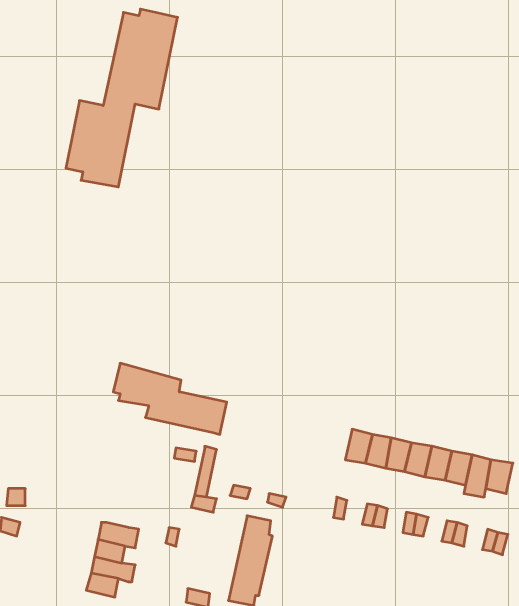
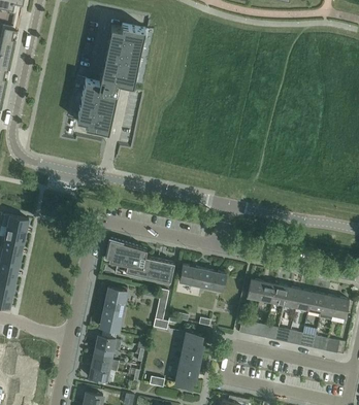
building: none -> [178,265,226,292]
building: none -> [100,288,127,331]

